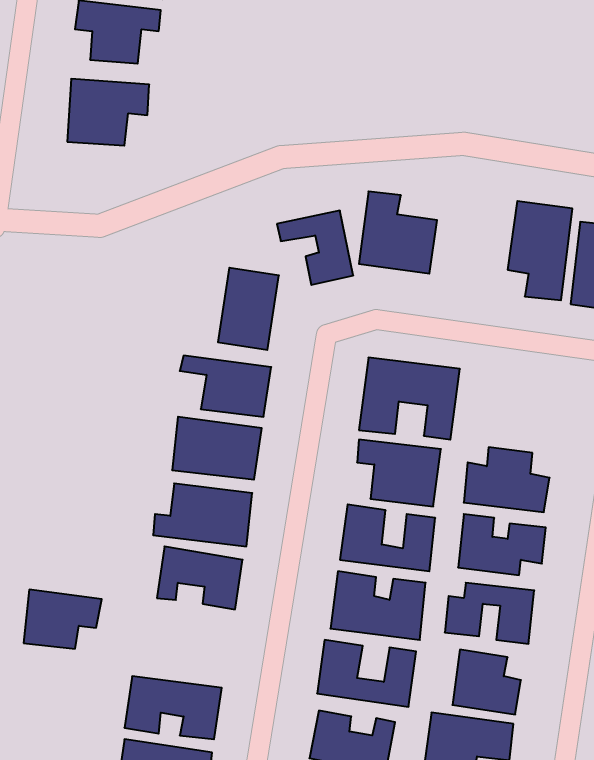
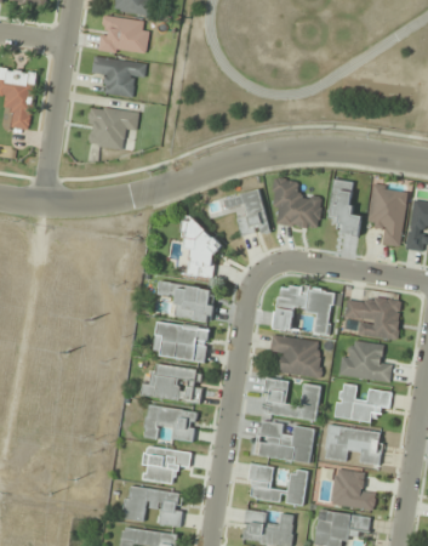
building: none -> [329,180,360,235]
building: none -> [343,295,401,341]
building: [24,590,102,649] -> [141,447,190,484]

